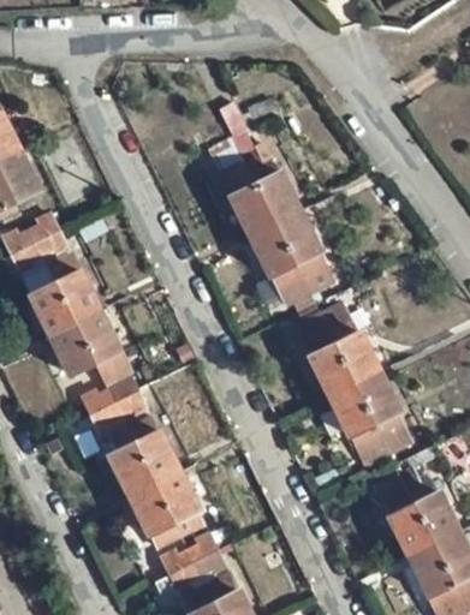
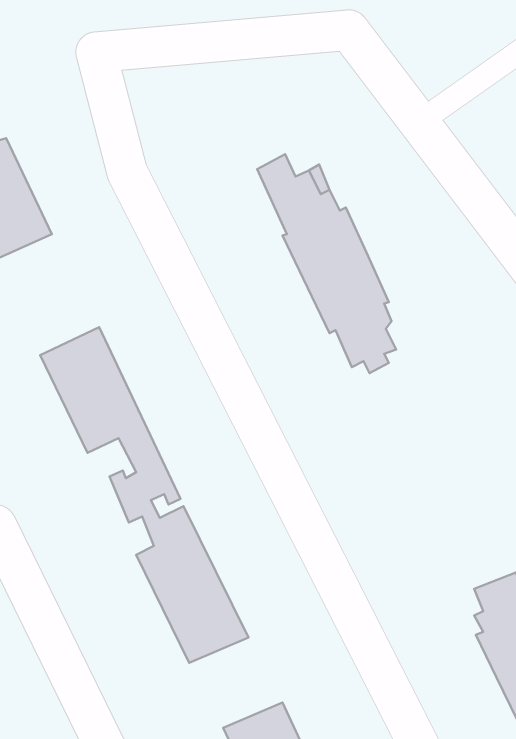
building: [11,216,73,276] -> none
building: [301,306,410,464] -> none
building: [166,532,226,589] -> none

